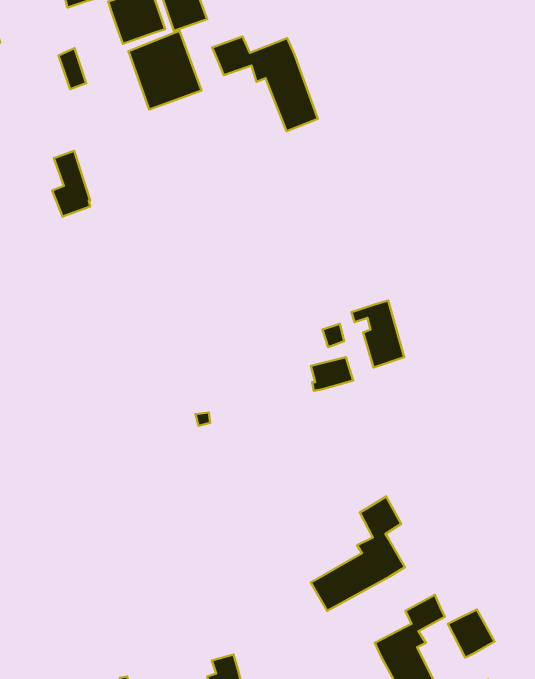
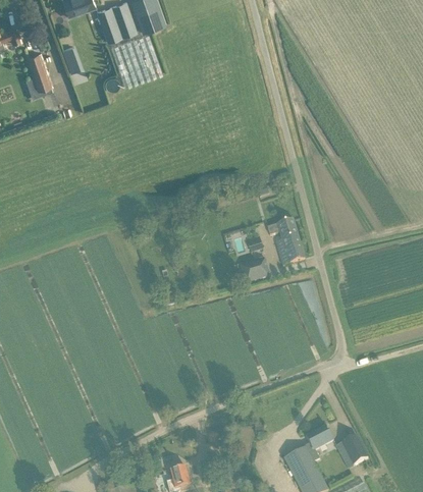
building: [212,36,318,131] -> none
building: [52,151,90,217] -> [25,50,52,96]
building: [311,496,405,611] -> none

